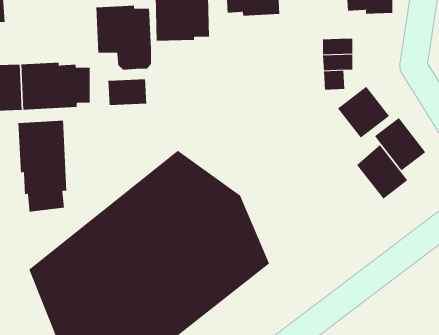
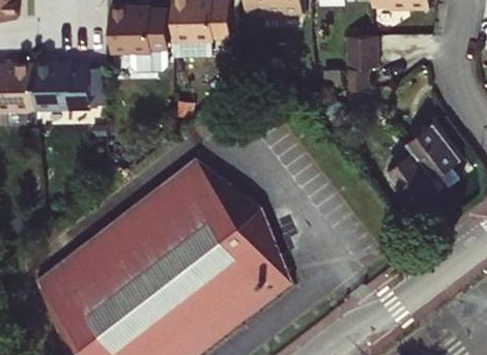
building: [108,79,147,106] -> none
building: [337,86,390,139] -> none
building: [18,120,67,212] -> none

